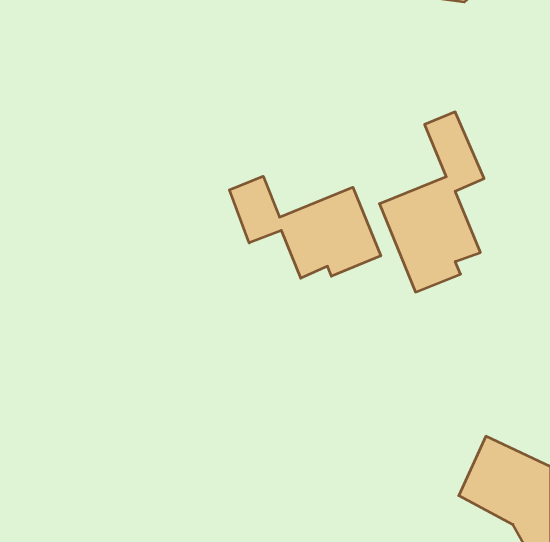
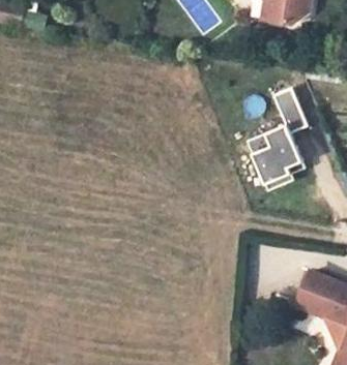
building: [229,176,381,278] -> none

